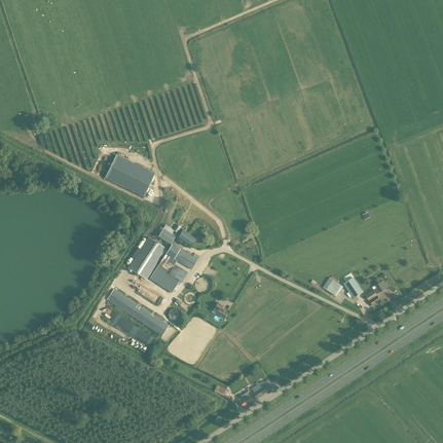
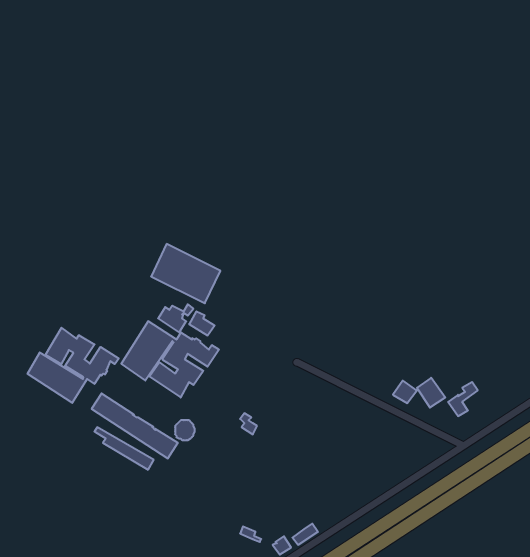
building: [104,153,154,196] -> [151,244,220,303]
building: none -> [28,328,119,403]

